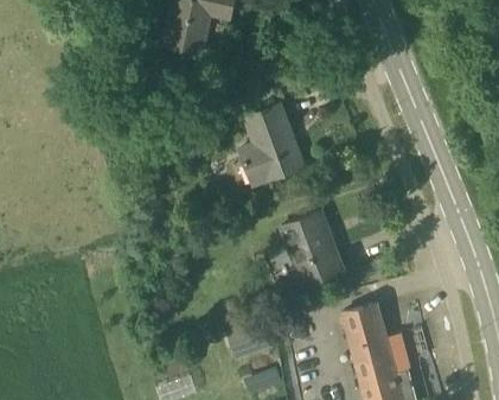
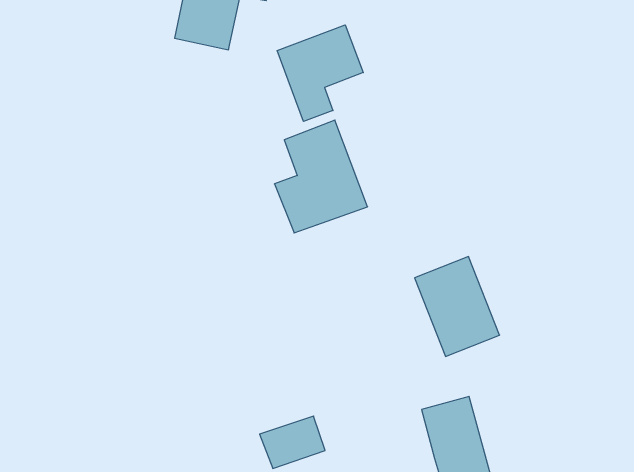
building: none -> [277,25,363,121]
building: [282,212,344,285] -> [415,257,500,356]

